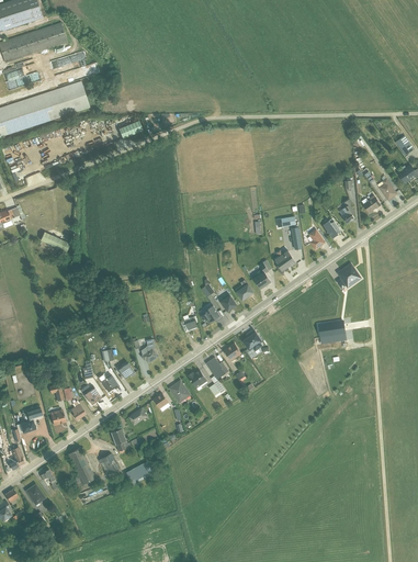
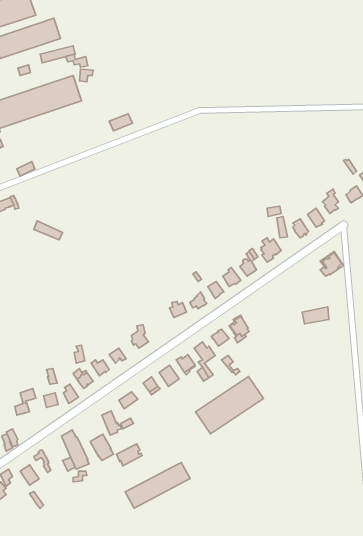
building: none -> [195,376,264,434]
building: none -> [125,462,190,508]

